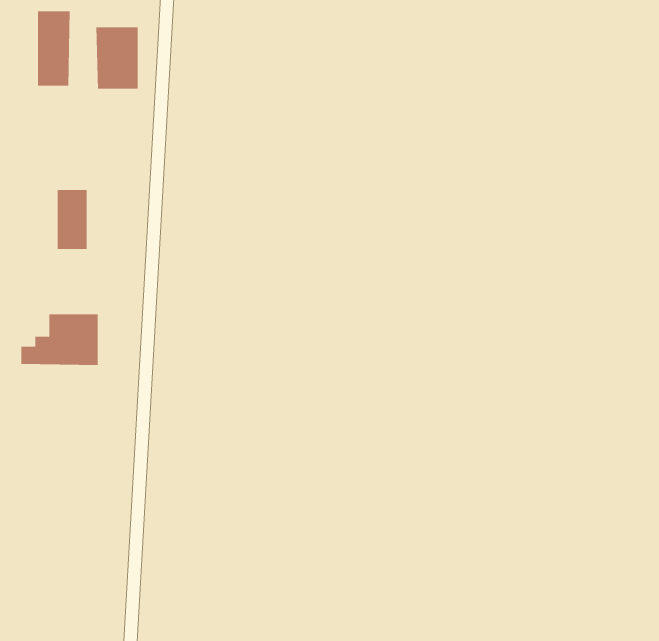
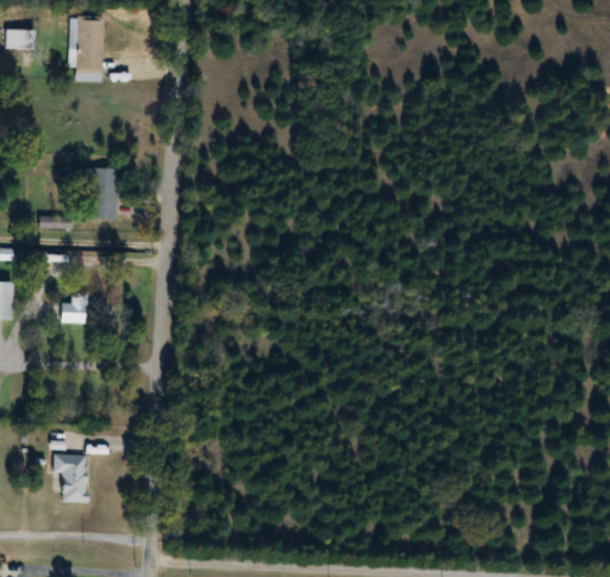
building: [96,26,138,89] -> none
building: none -> [52,455,87,503]

